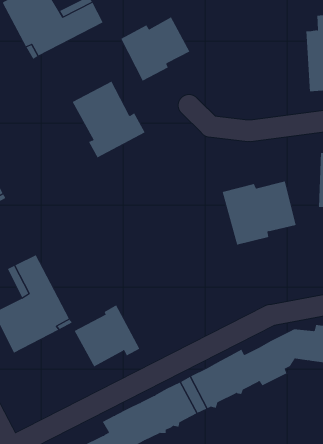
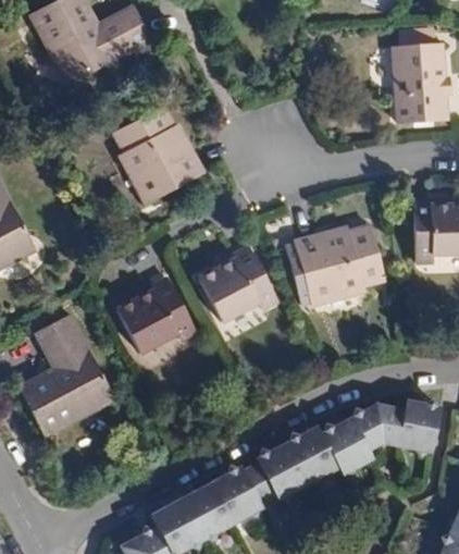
building: [121,16,190,82] -> none
building: none -> [198,247,277,321]
building: [74,304,140,367] -> [116,278,196,353]

